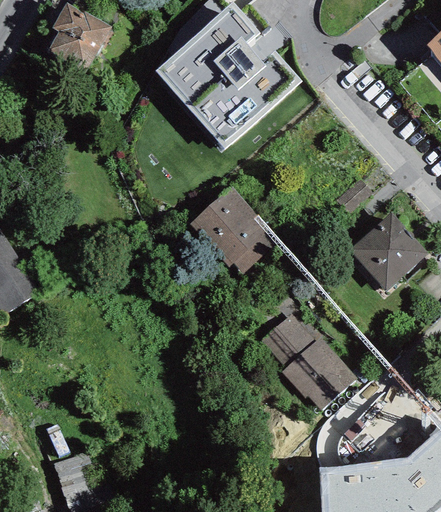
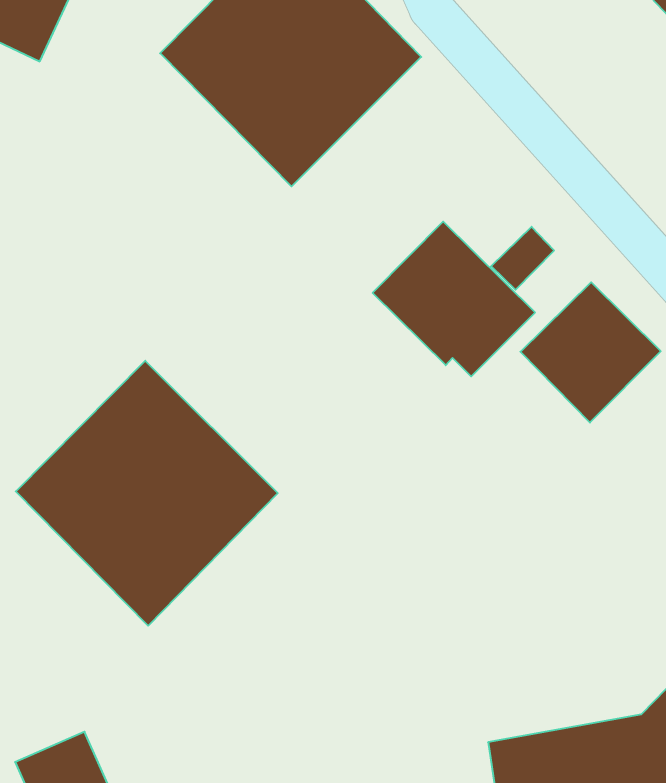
building: [188,186,279,274] -> [373,222,535,376]
building: none -> [16,361,278,626]
building: [259,314,356,411] -> none

